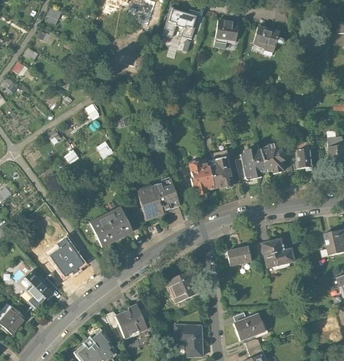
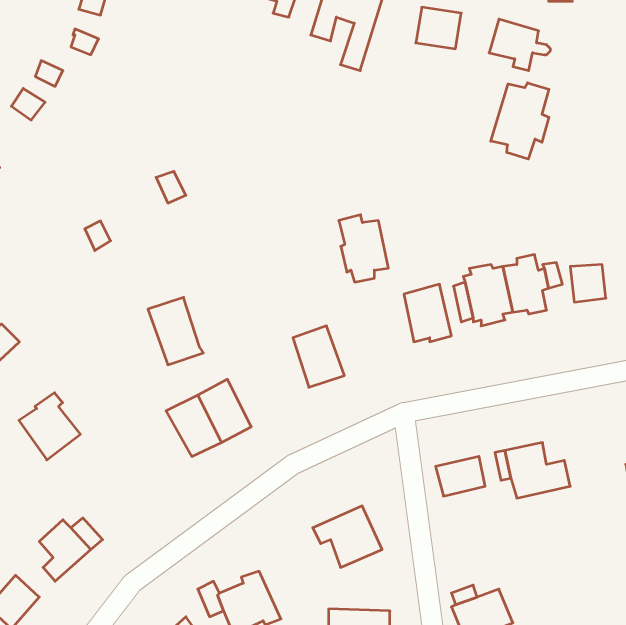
building: none -> [491,83,549,159]
building: [190,161,215,195] -> [339,215,388,282]
building: [136,186,164,220] -> [148,297,203,365]
building: [51,245,82,279] -> [19,393,80,460]

